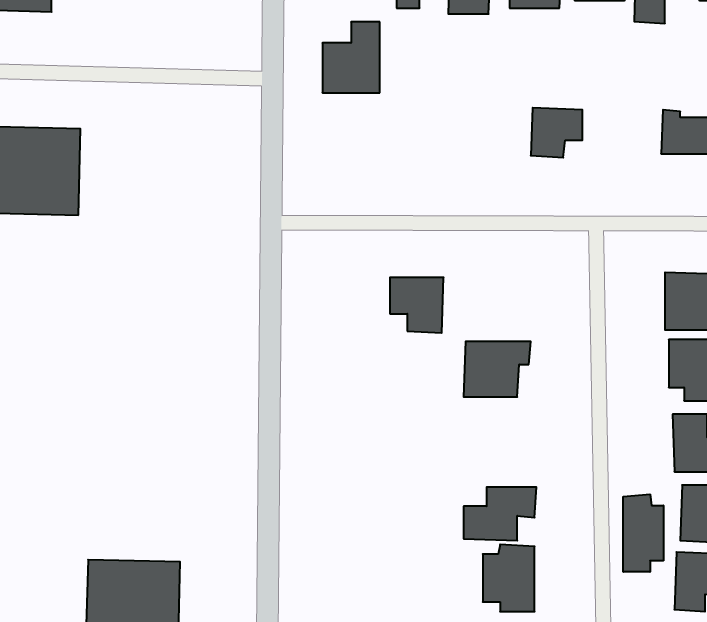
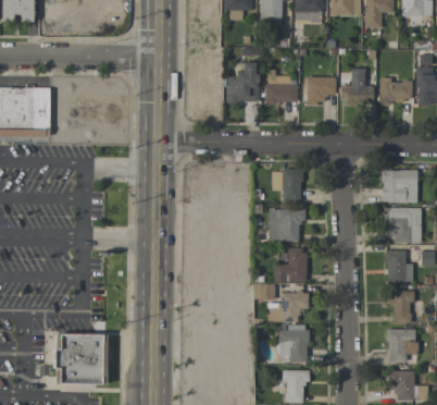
building: [322,22,380,93] -> [226,62,259,102]
building: none -> [341,69,374,105]
building: none -> [265,70,297,102]
building: [390,277,444,333] -> [272,170,302,201]
building: none -> [273,247,305,282]
building: [623,494,663,572] -> none

